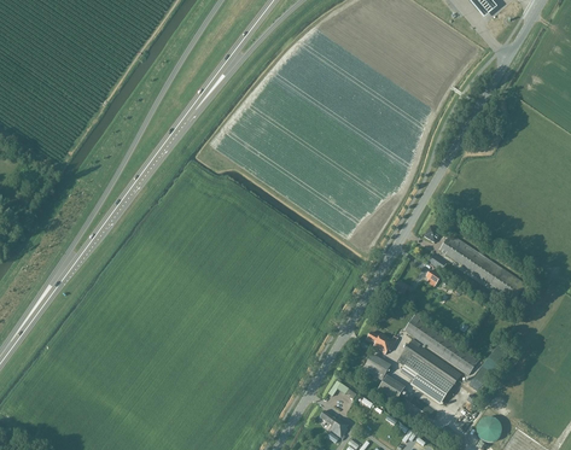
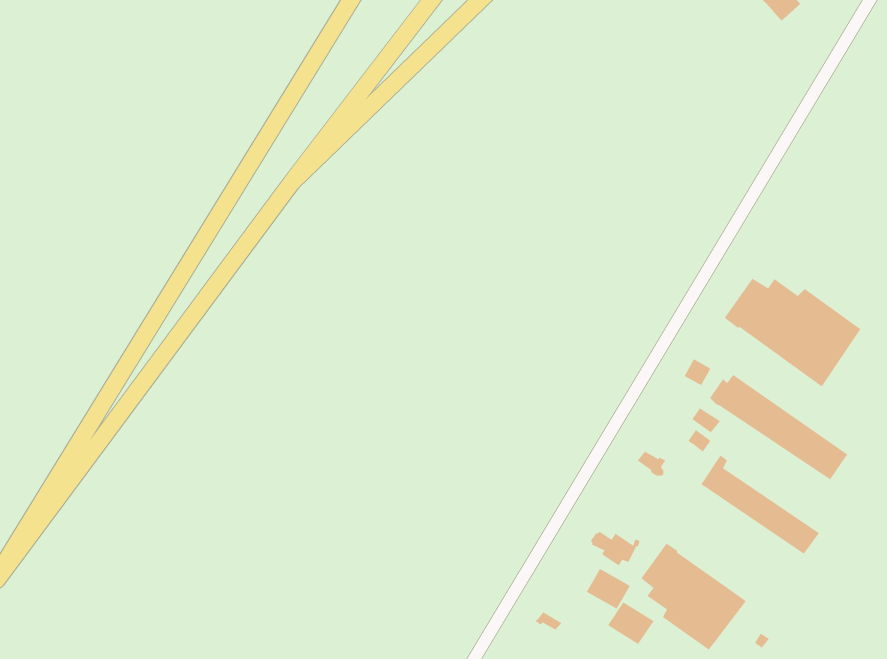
building: none -> [724,278,861,387]
building: [404,312,478,374] -> [700,455,820,555]

